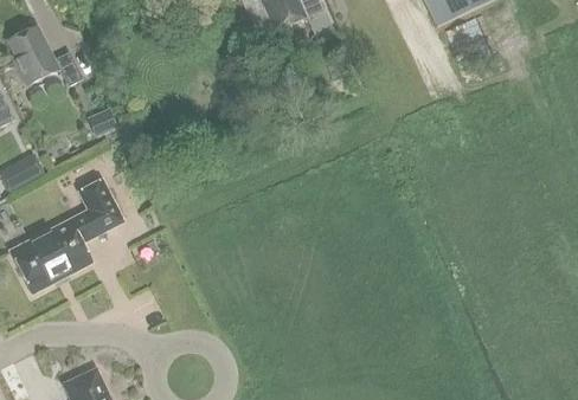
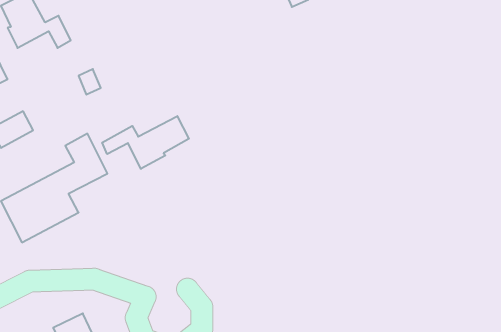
building: none -> [102,116,189,169]

